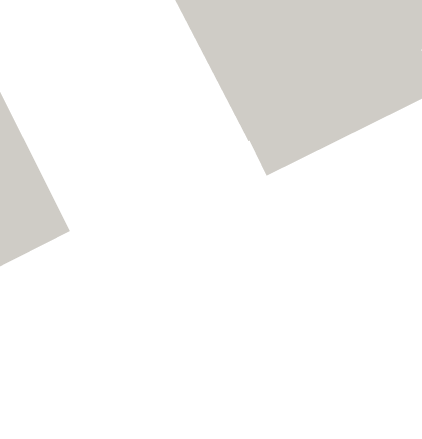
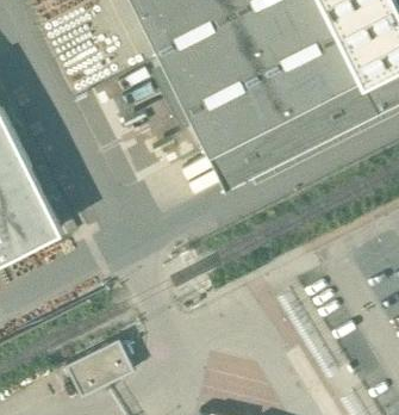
building: none -> [66,341,135,399]

